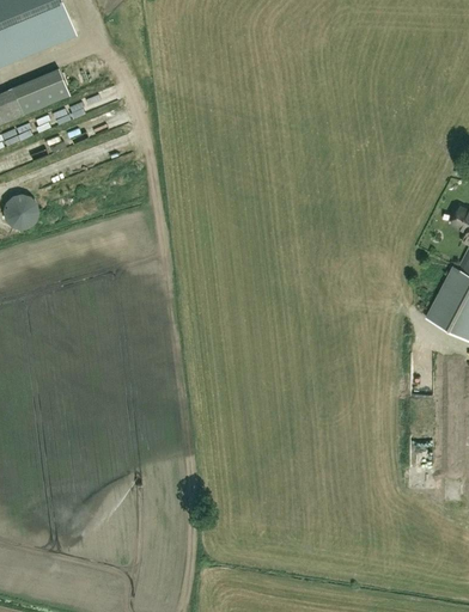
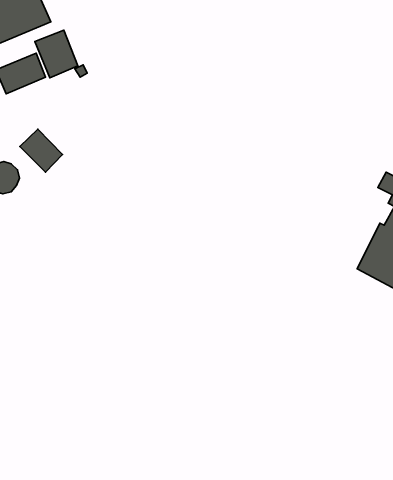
building: none -> [35,30,78,78]
building: none -> [20,129,63,172]

